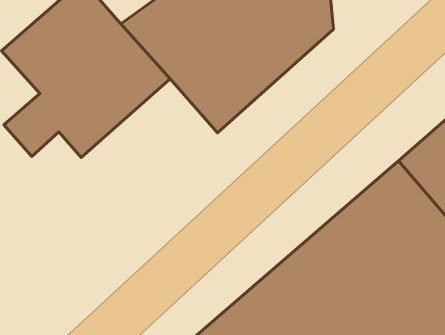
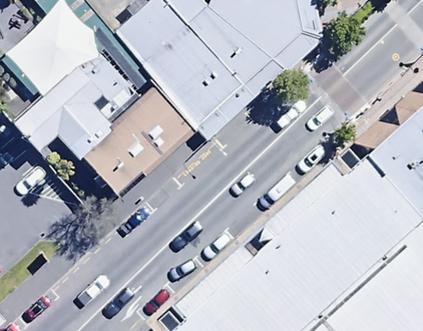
building: none -> [76,80,197,198]

